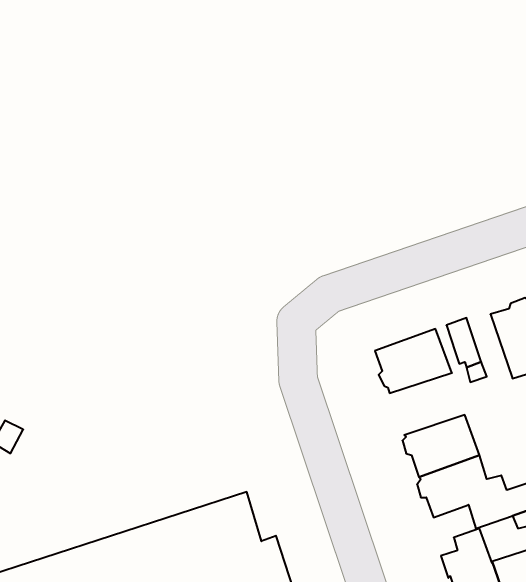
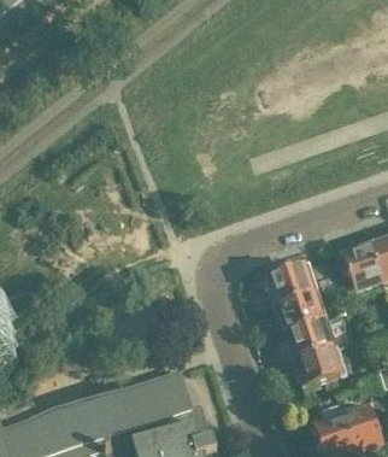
building: none -> [275,288,324,329]

